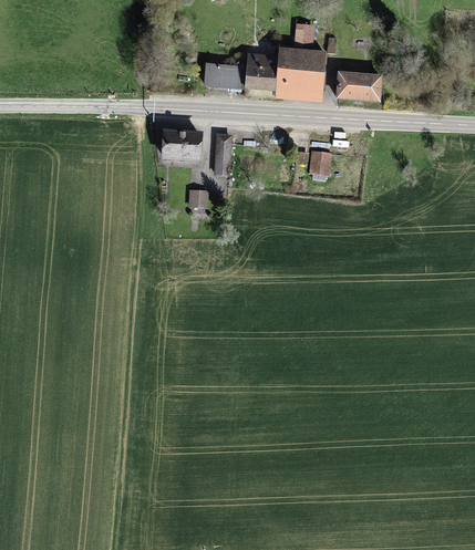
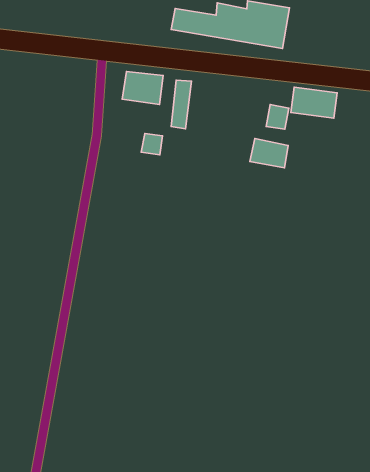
building: [338,72,382,100] -> [291,87,337,118]
building: none -> [250,139,288,168]

